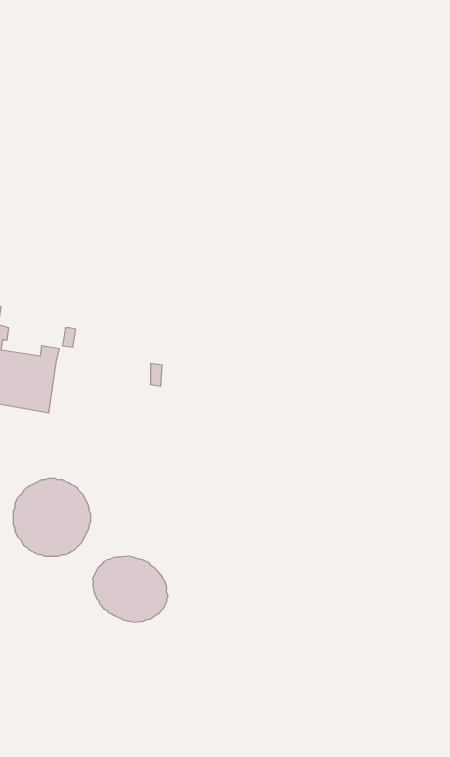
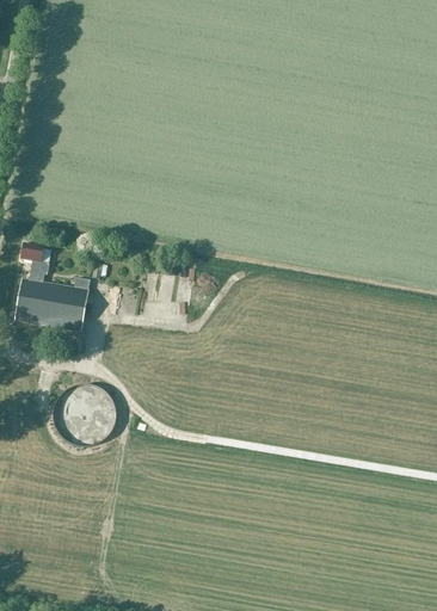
building: [93,556,168,622] -> none

